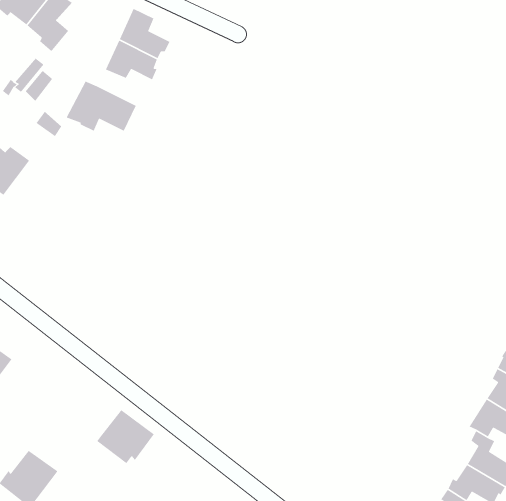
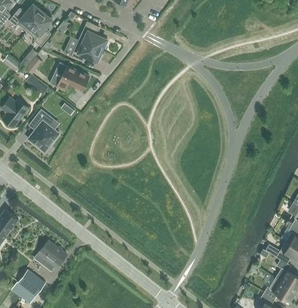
building: none -> [28,109,59,152]
building: [96,409,155,464] -> [34,239,67,270]

